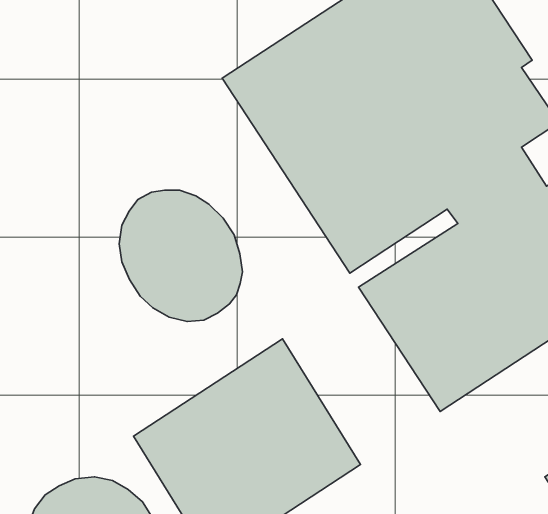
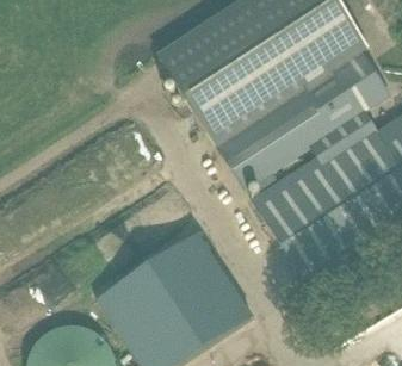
building: [119,190,242,321] -> none

